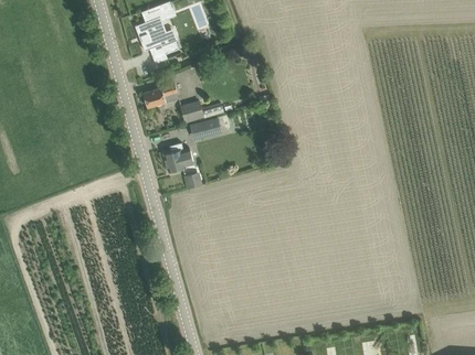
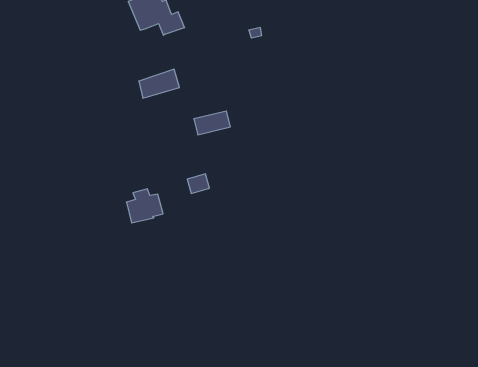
building: [181,101,224,125] -> none
building: [163,144,194,173] -> [126,189,163,223]

